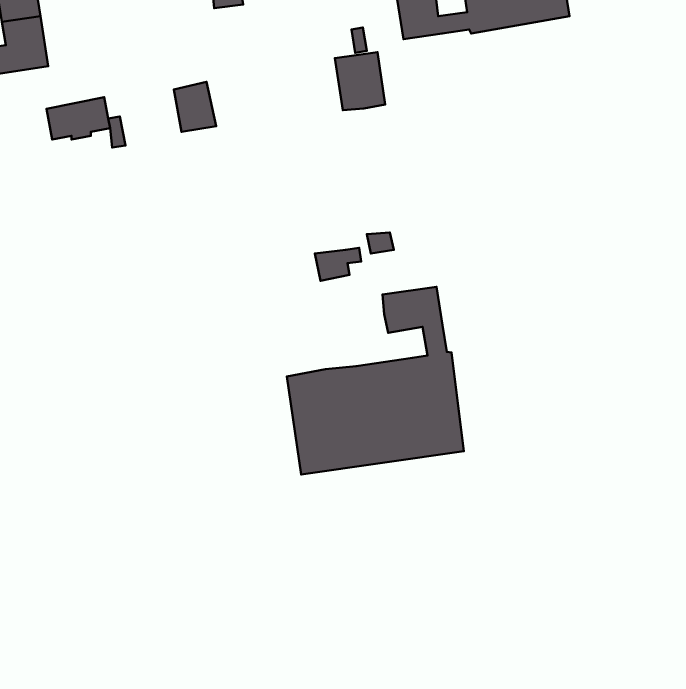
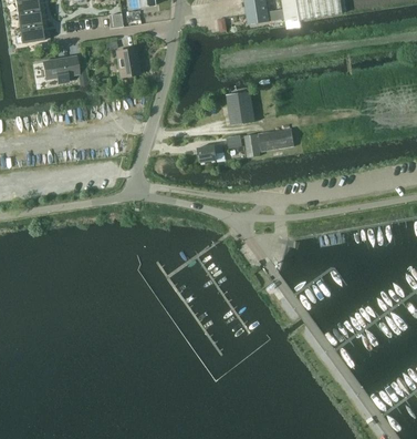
building: [335,52,385,110] -> [227,90,256,123]
building: none -> [244,126,293,156]
building: [287,287,464,474] -> none

